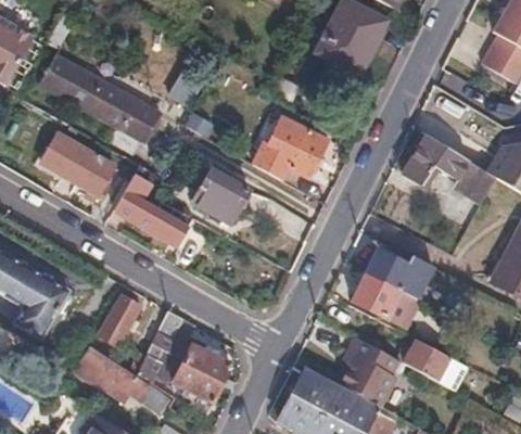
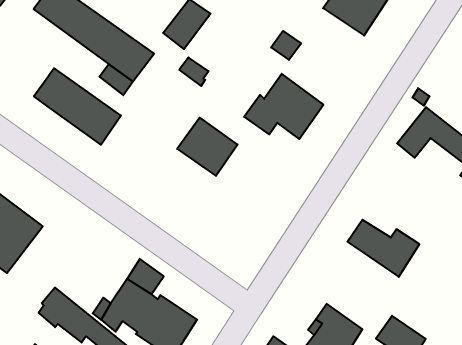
building: [115,165,187,245] -> none
building: [352,272,421,329] -> none
building: [99,297,139,345] -> none

